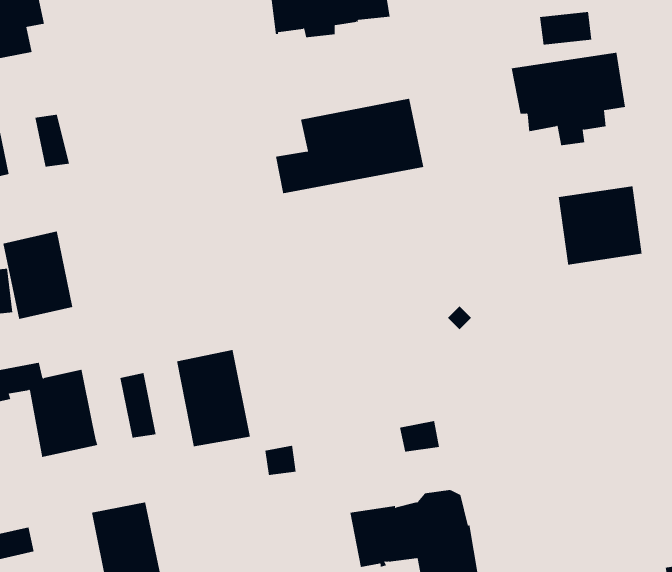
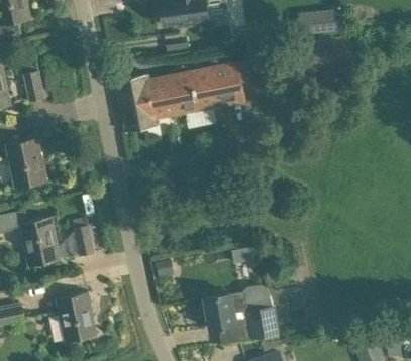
building: none -> [115,74,180,132]
building: [558,185,642,265] -> none
building: [177,349,250,447] -> none

